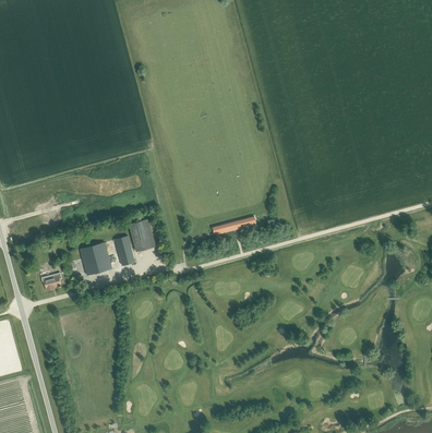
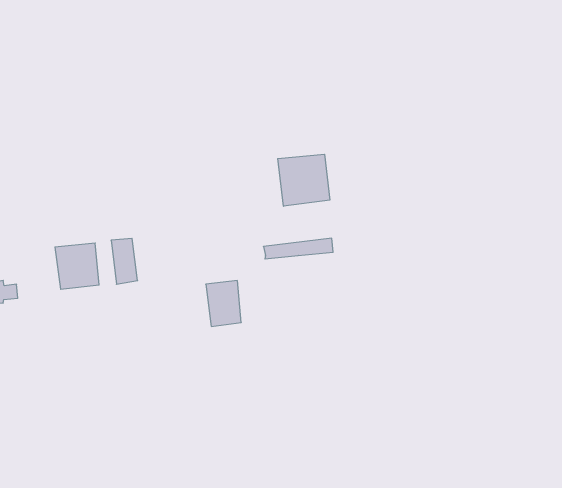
building: none -> [278,154,330,206]
building: [128,219,154,251] -> [206,281,241,326]

